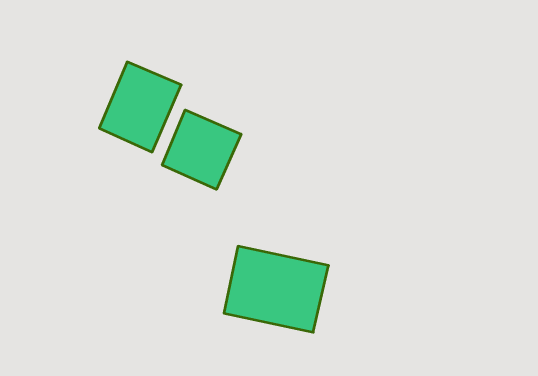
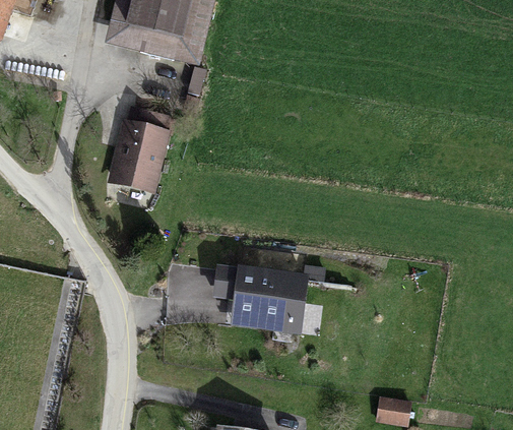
building: [162,110,241,189] -> none

